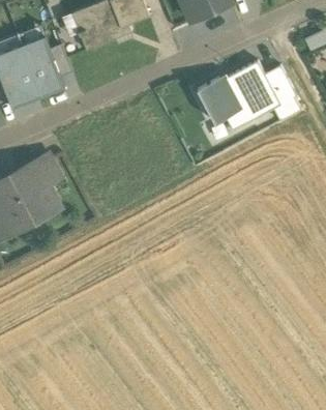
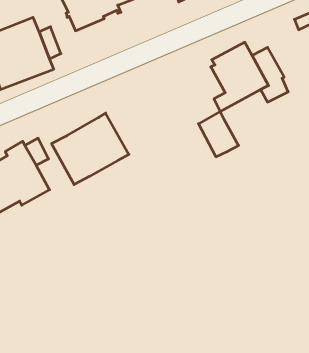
building: [196,78,236,123] -> [198,111,239,157]
building: none -> [52,113,129,185]

